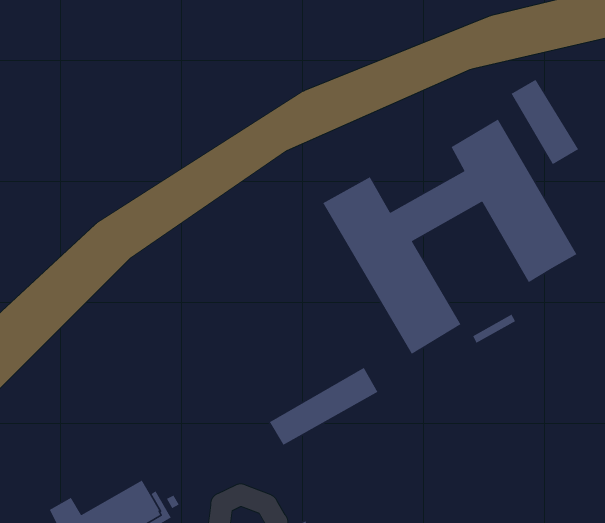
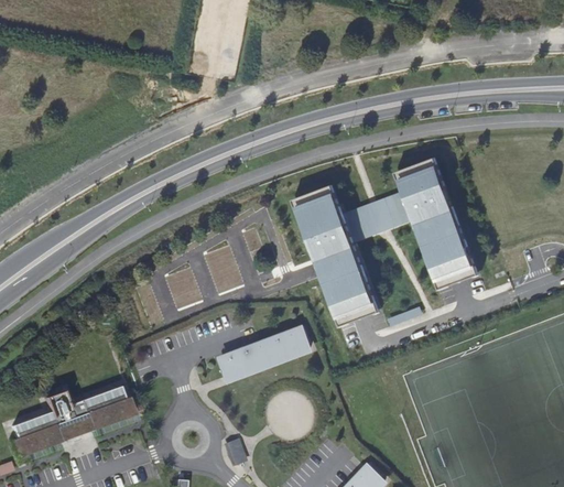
building: [510,79,579,165] -> none

